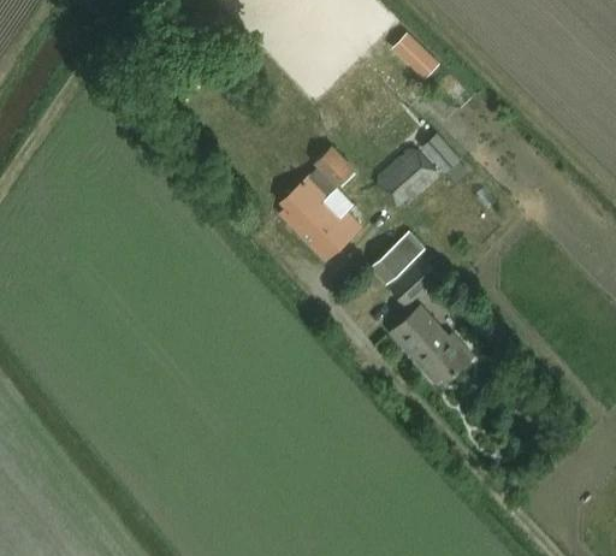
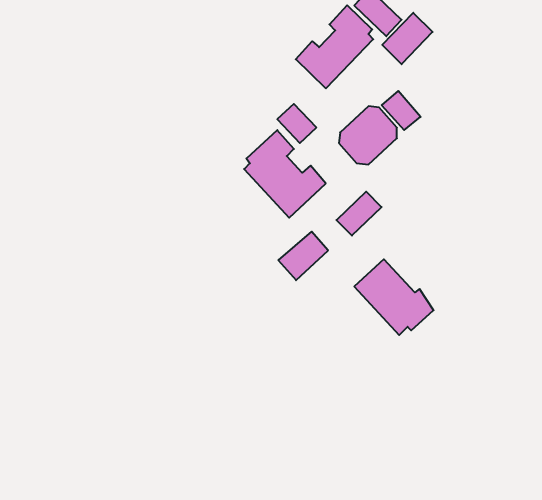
building: none -> [296,5,373,88]
building: none -> [382,13,433,64]
building: [387,256,438,306] -> [278,232,328,280]

